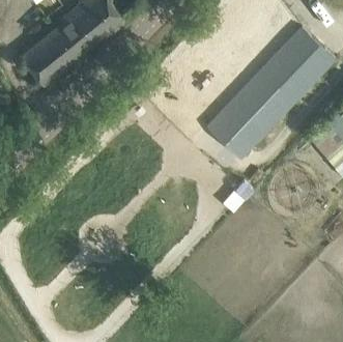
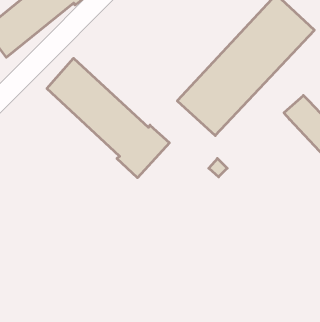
building: none -> [47,58,169,178]

